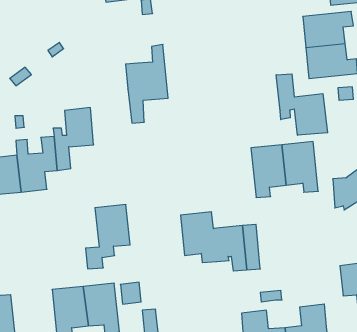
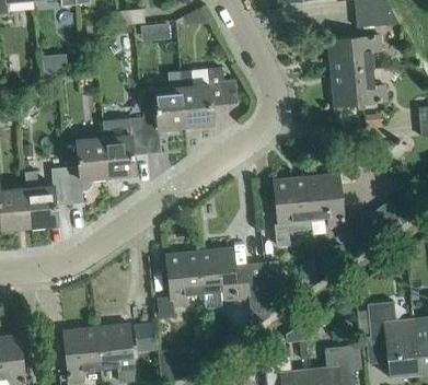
building: none -> [180,68,224,128]
building: [276,74,328,135] -> none
building: none -> [101,118,147,177]
building: [86,205,130,269] -> [155,252,203,319]

